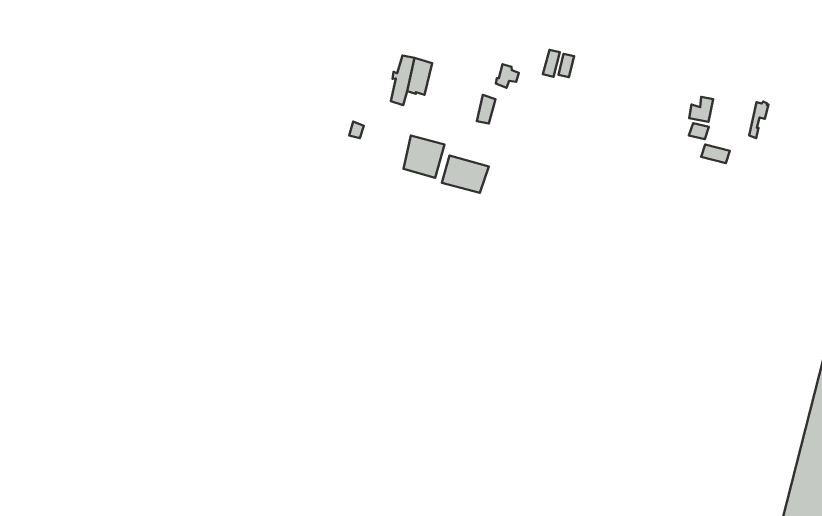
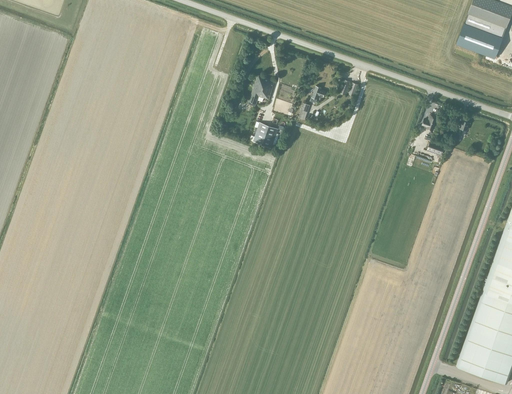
building: [442,156,489,193] -> none

